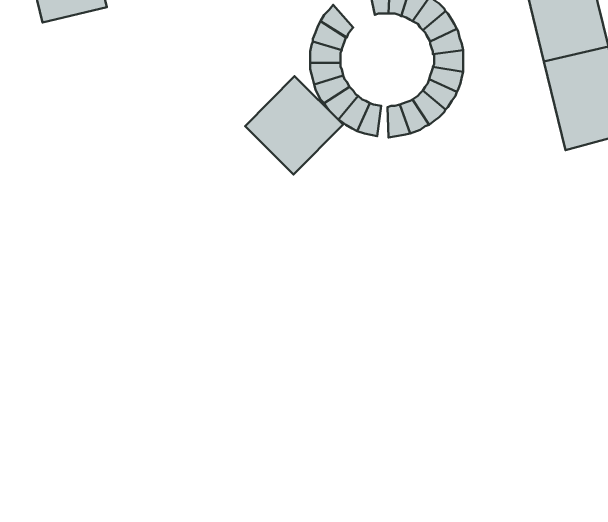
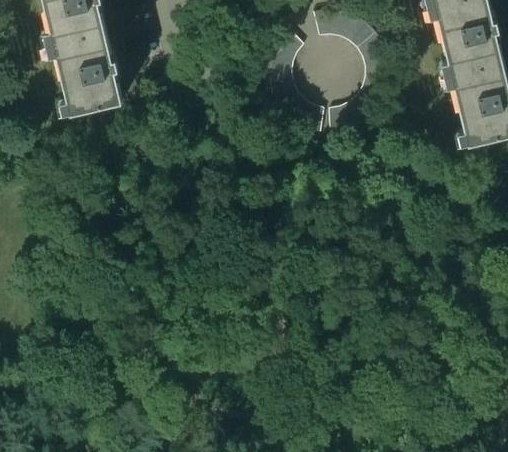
building: none -> [53,29,120,111]
building: [245,76,343,175] -> none

